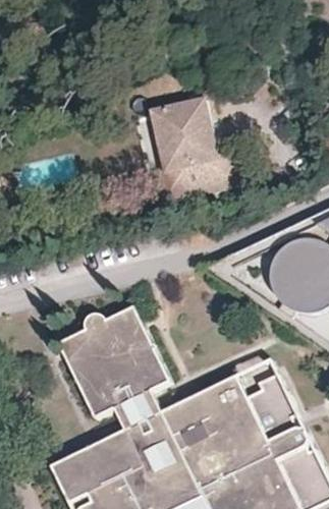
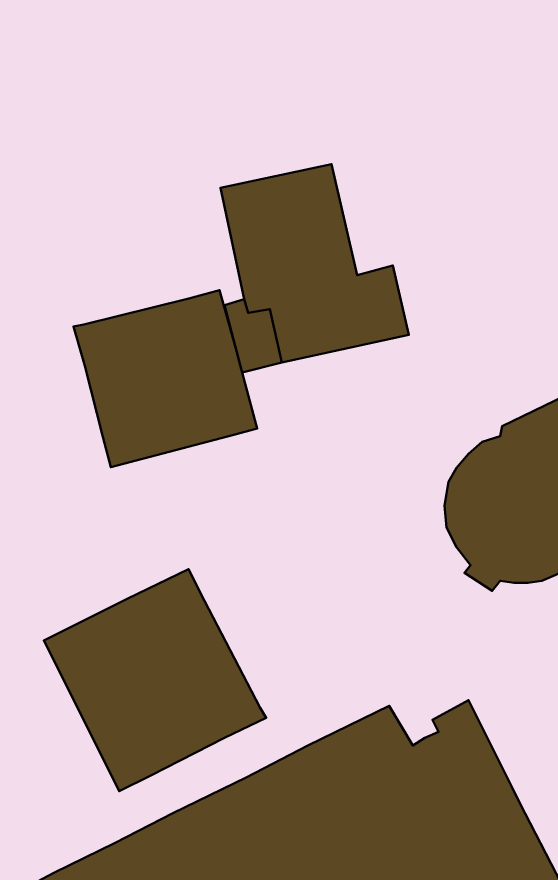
building: none -> [73,290,257,467]
building: [111,392,160,431] -> none

